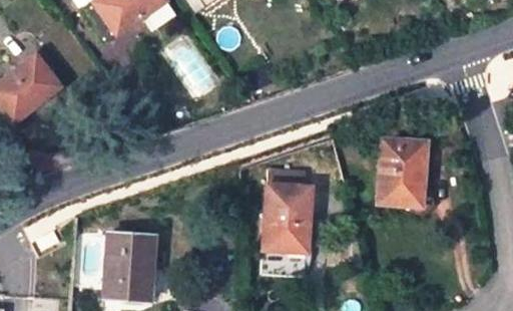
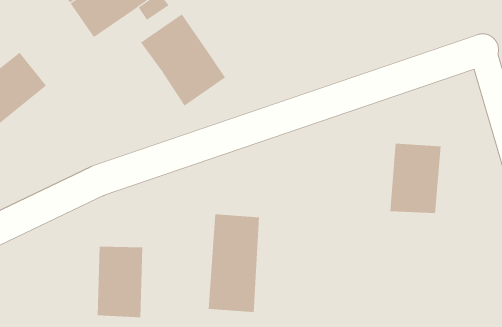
building: none -> [140,14,226,106]
building: [262,187,310,278] -> [208,214,260,313]

